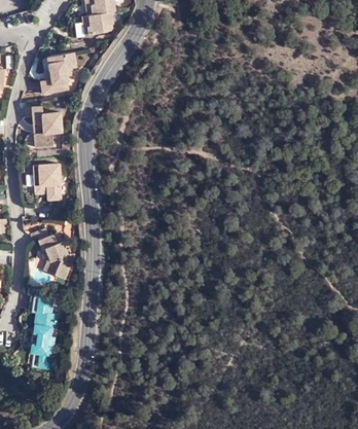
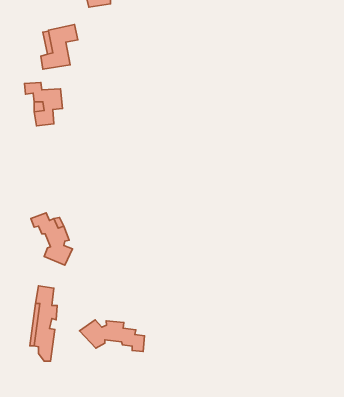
building: [35,165,63,201] -> none
building: none -> [79,320,144,351]

